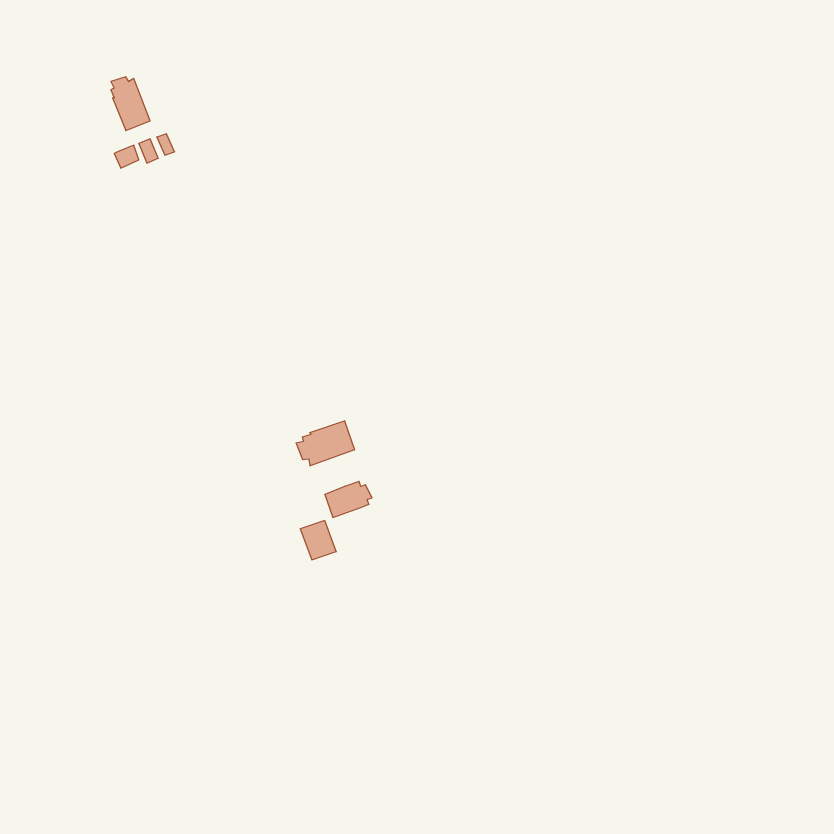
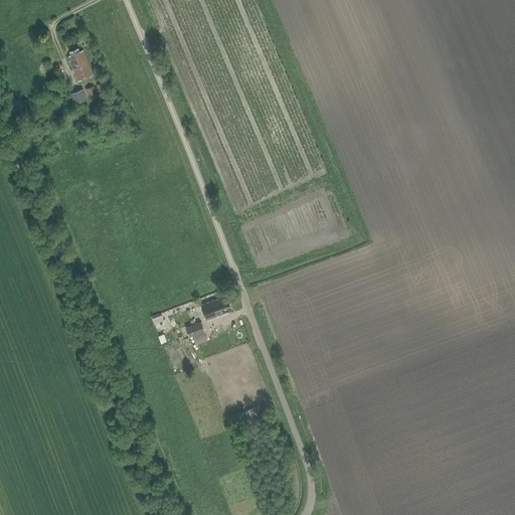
building: [296,421,355,466] -> none

